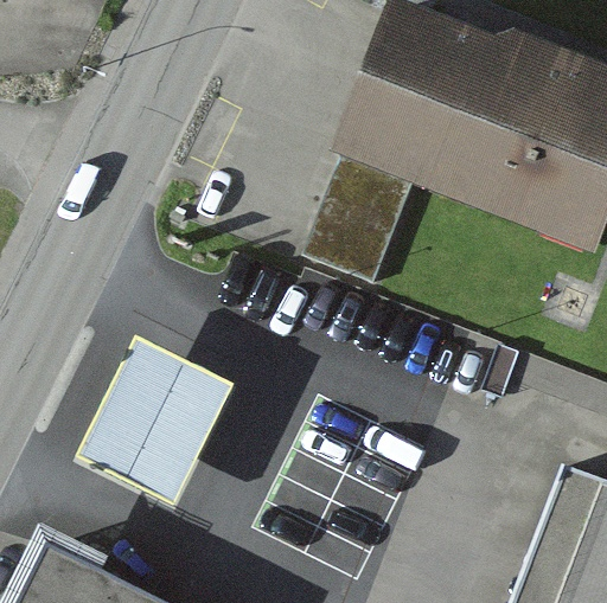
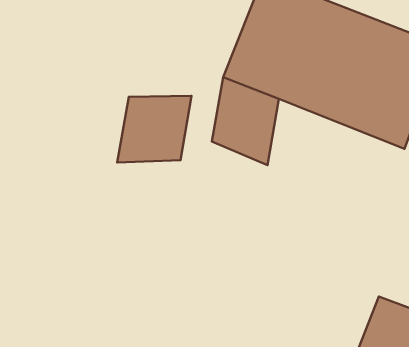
building: none -> [117,96,192,163]
building: [82,326,238,498] -> none

